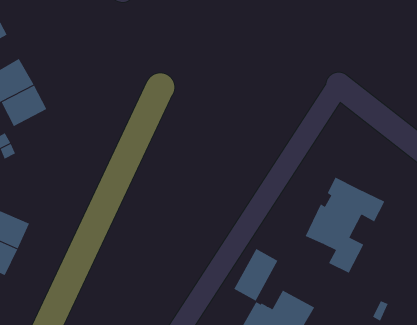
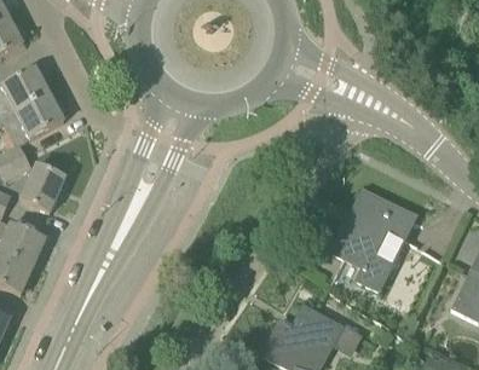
building: none -> [21,163,65,213]
building: [234,248,278,302] -> none

